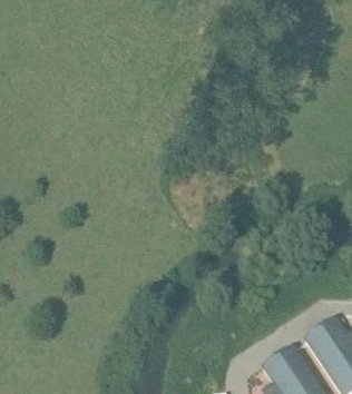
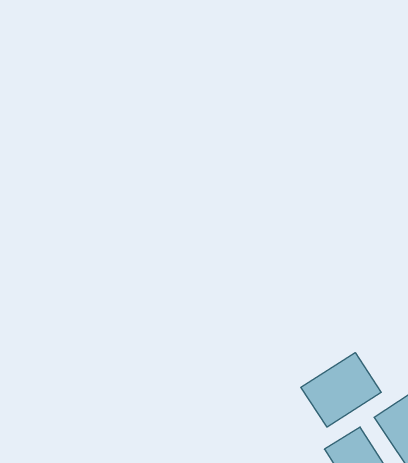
building: none -> [301,353,381,427]

